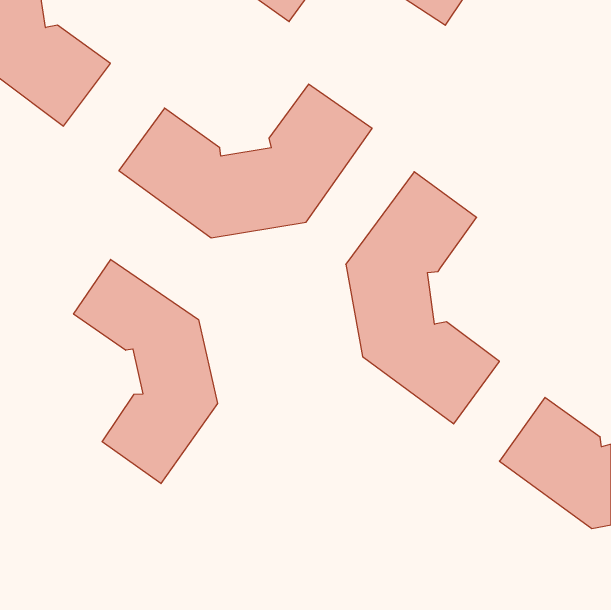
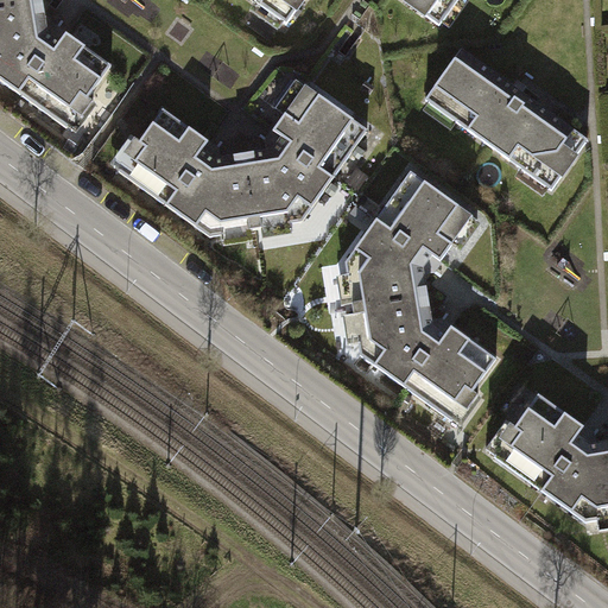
building: none -> [426,49,585,186]
building: [74,259,217,484] -> none

